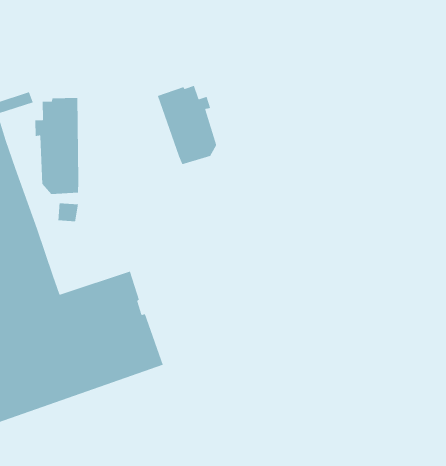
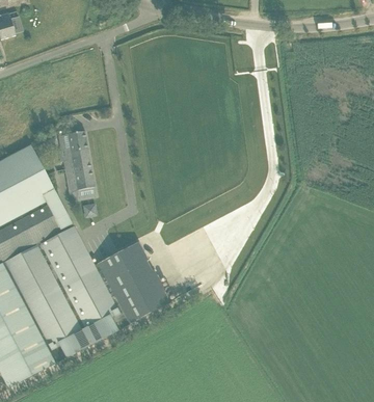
building: [157,85,217,165] -> none

